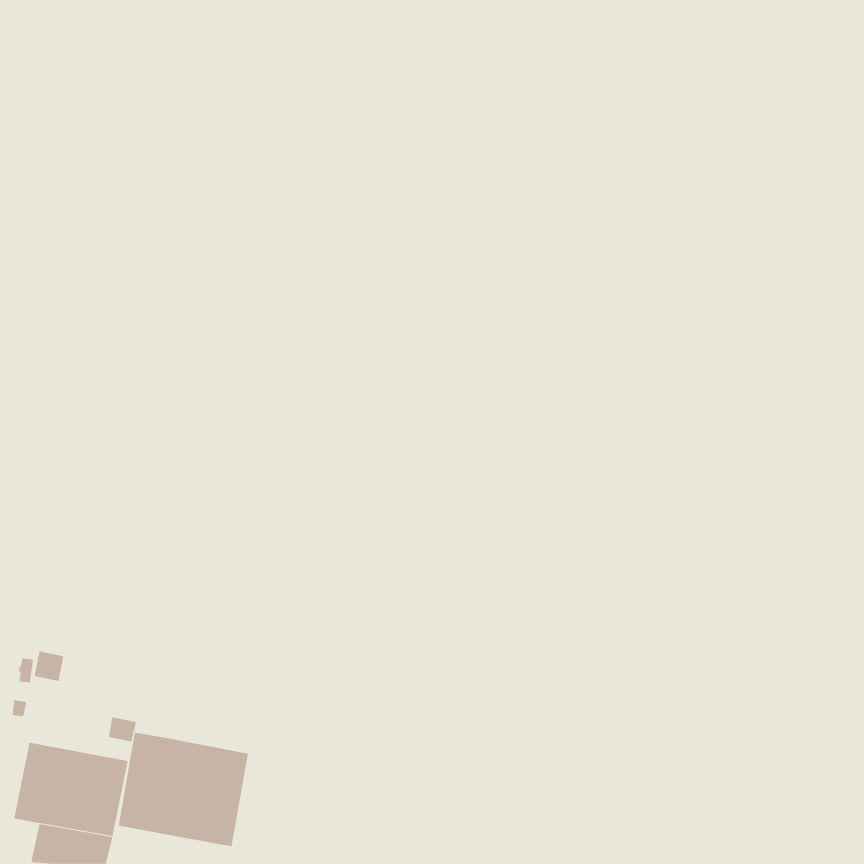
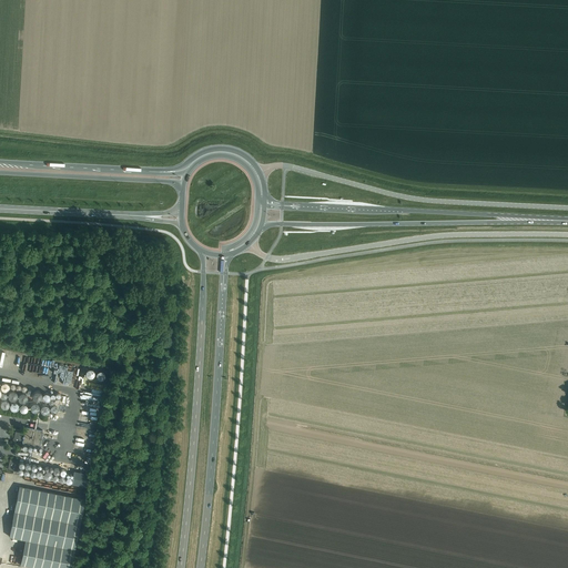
building: [118,732,248,847] -> none

